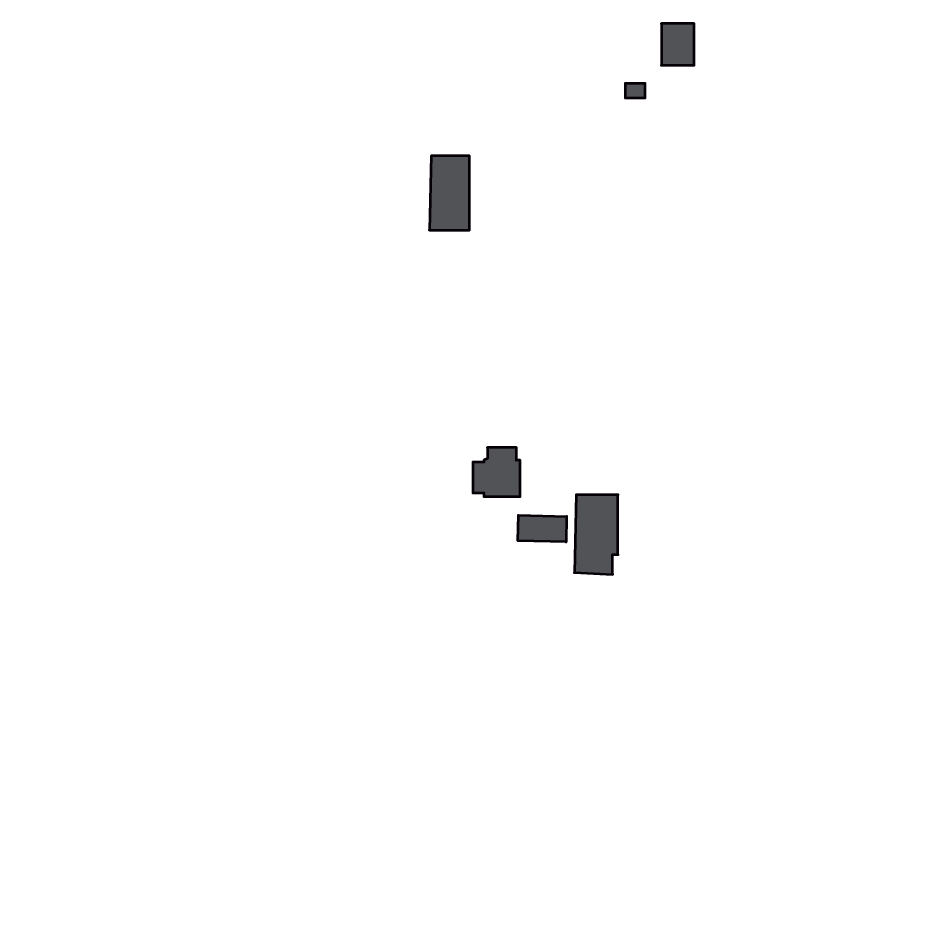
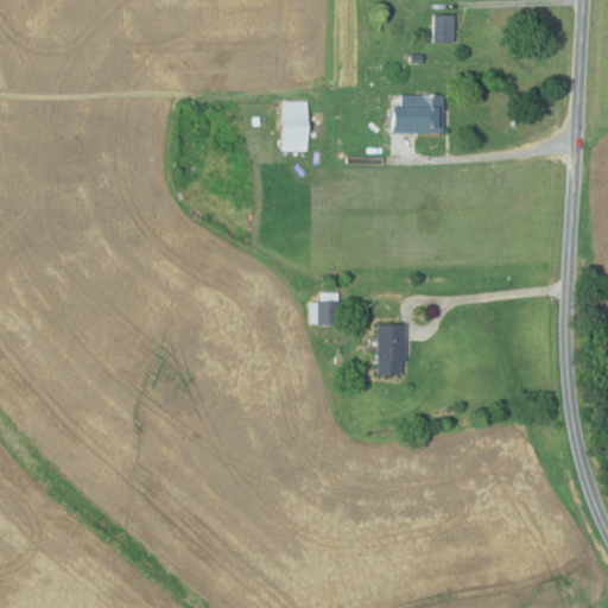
building: none -> [392,95,445,134]
building: [518,515,567,542] -> none

